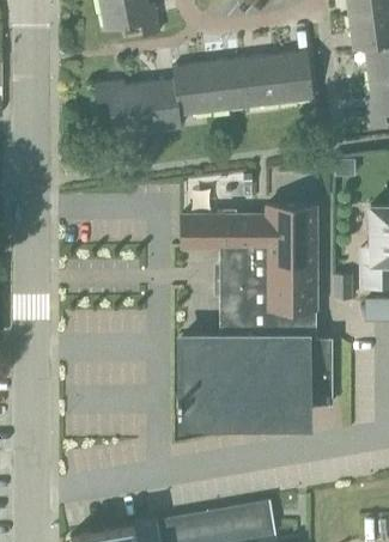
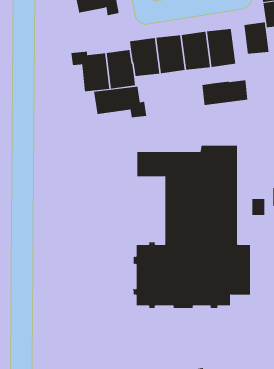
building: none -> [244,21,269,55]
building: none -> [202,80,248,106]
building: none -> [94,86,147,118]

